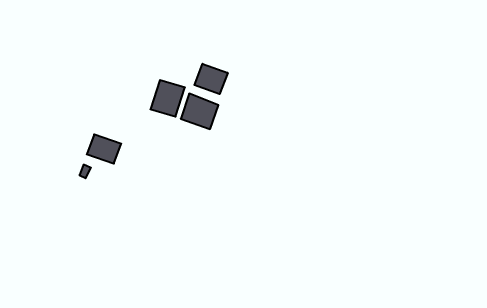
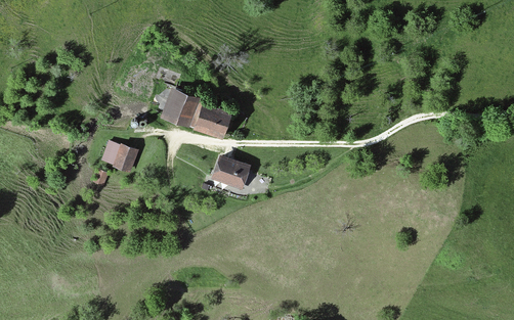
building: [194,64,228,94] -> none
building: none -> [214,157,248,188]

